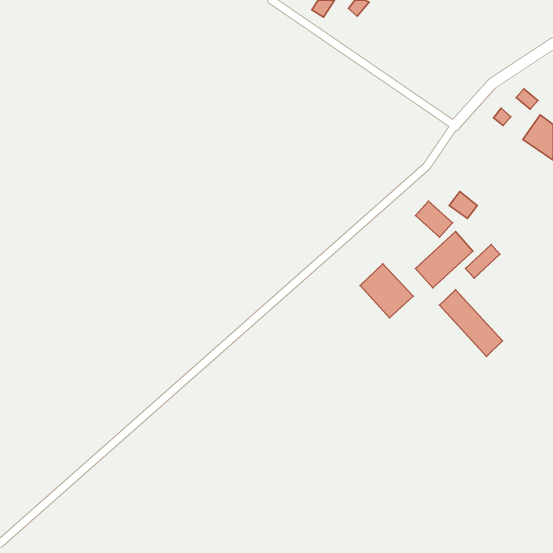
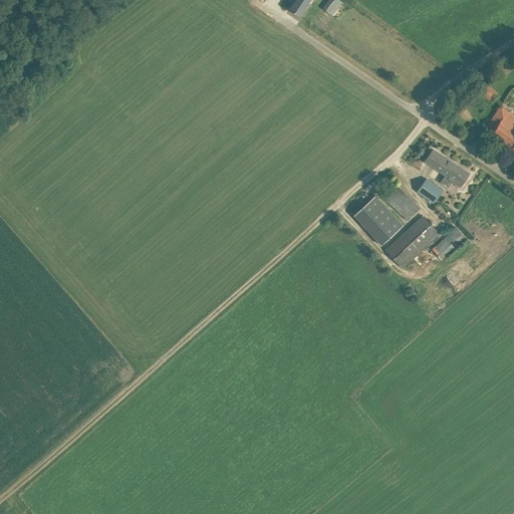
building: none -> [426,150,469,187]
building: [360,264,413,318] -> [354,195,404,245]
building: [439,290,502,356] -> none

